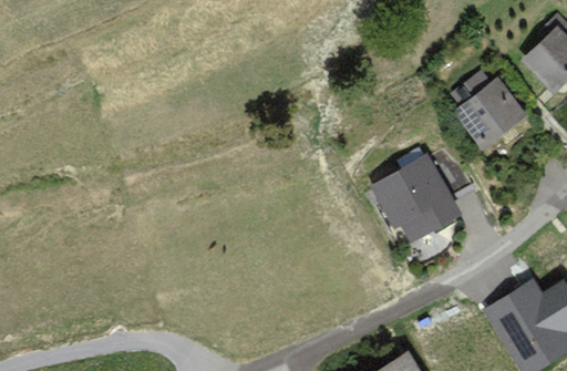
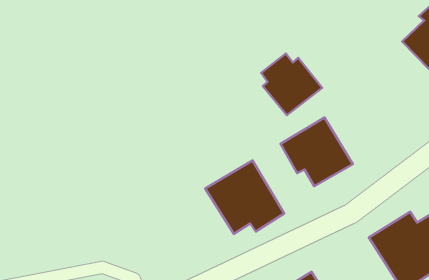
building: [452,73,528,151] -> [261,54,322,115]
building: none -> [205,160,284,234]

